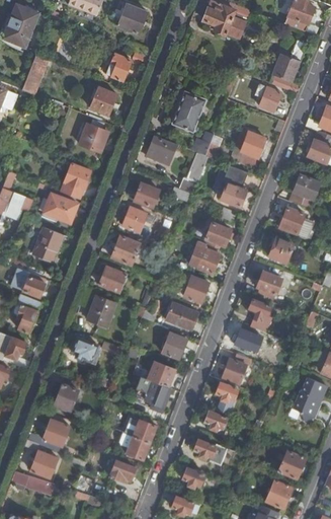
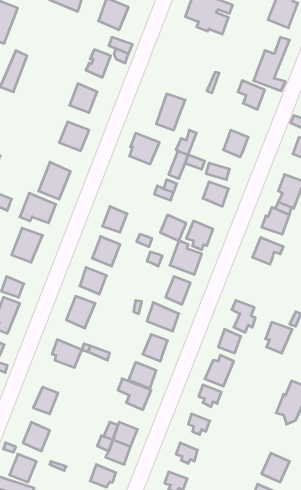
building: [134,182,159,208] -> [160,215,186,241]
building: [256,272,282,302] -> [265,322,292,353]

